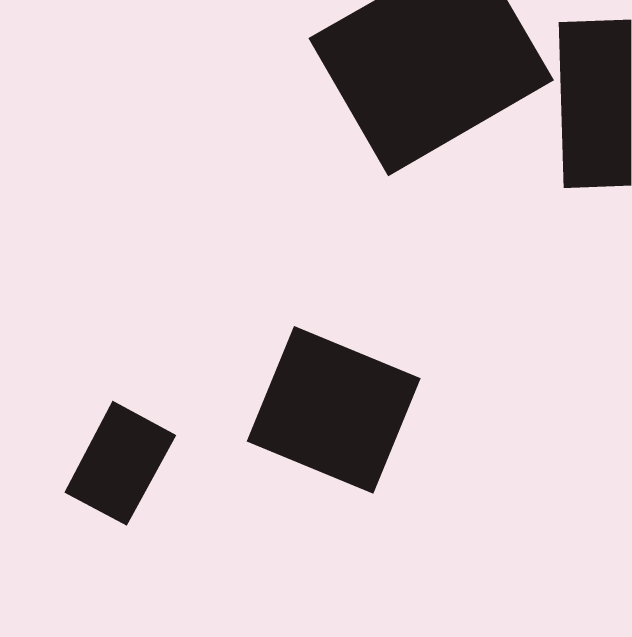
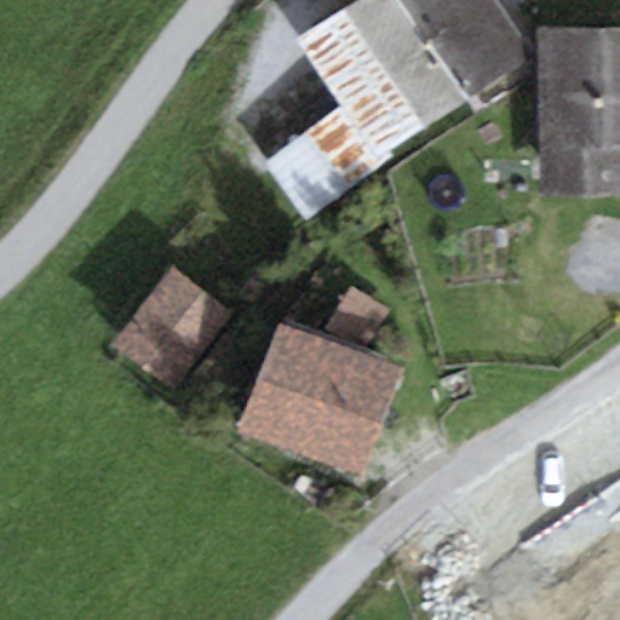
building: none -> [263,116,373,217]
building: [63,400,178,527] -> [113,275,223,397]

